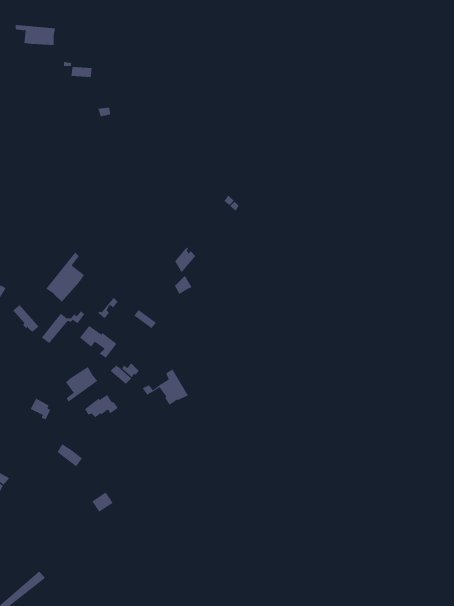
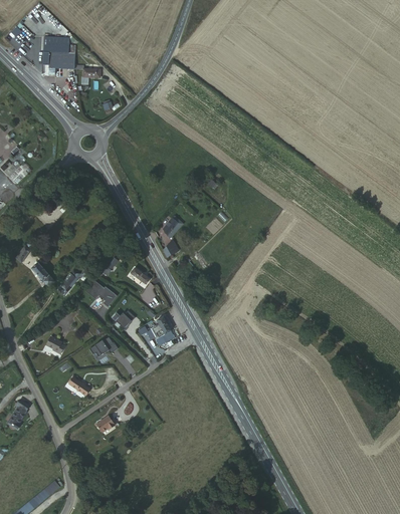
building: none -> [46,51,72,73]
building: [45,252,85,303] -> none
building: [65,366,98,402] -> none

